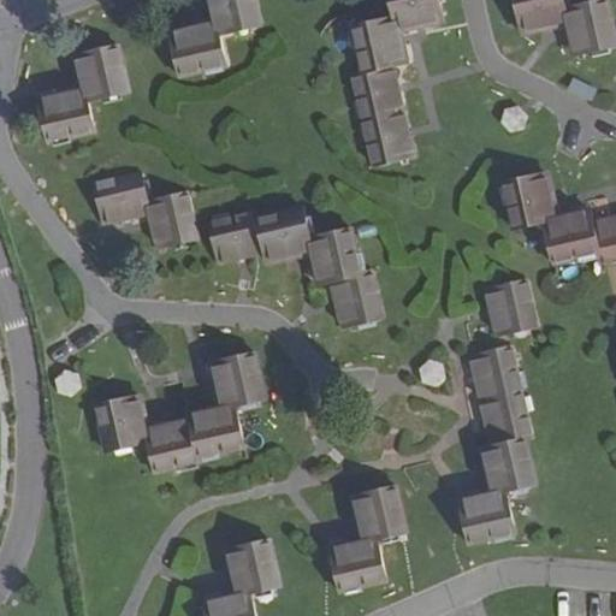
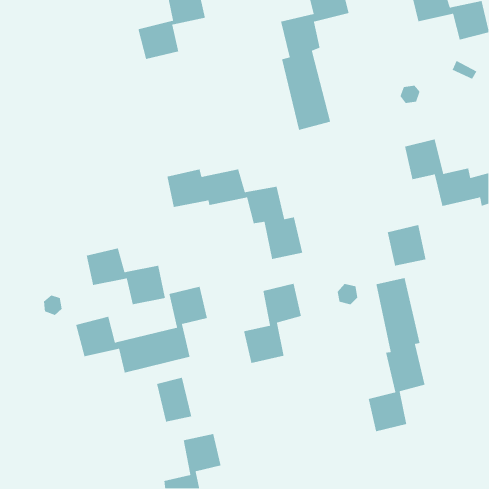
building: [38,46,125,138] -> none
building: [95,172,195,244] -> [86,247,166,305]
building: none -> [156,377,192,423]
building: [330,487,403,588] -> [243,283,302,364]

